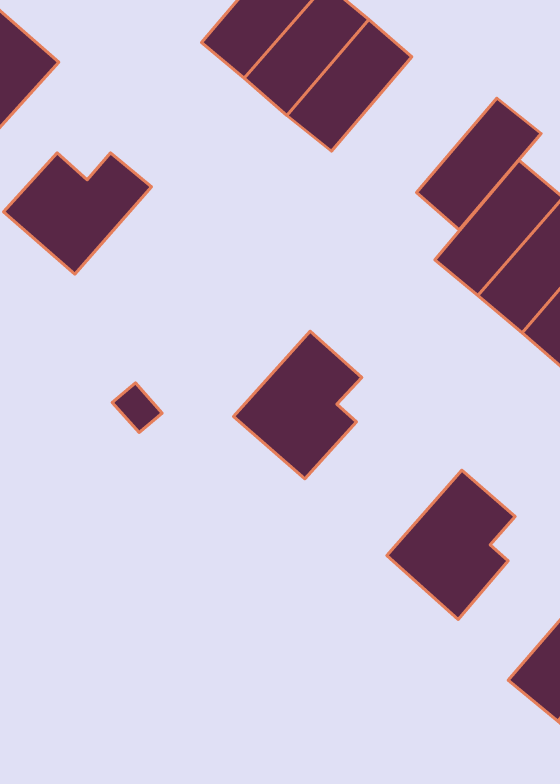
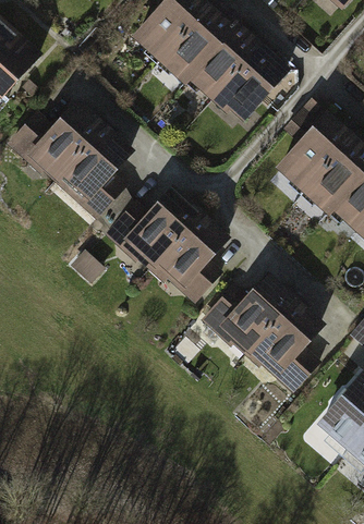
building: [416,98,541,230] -> [210,46,287,126]
building: none -> [53,125,132,217]
building: none -> [107,192,197,266]
building: none -> [201,277,290,351]

